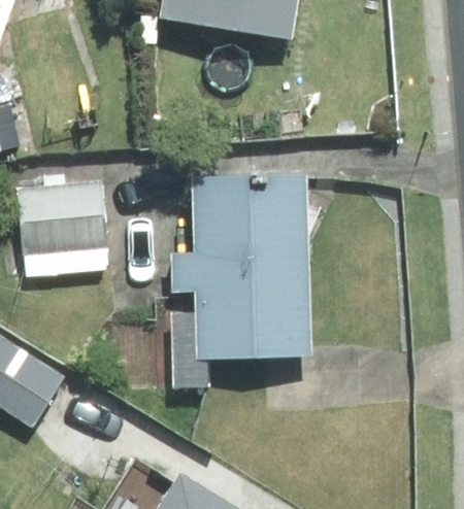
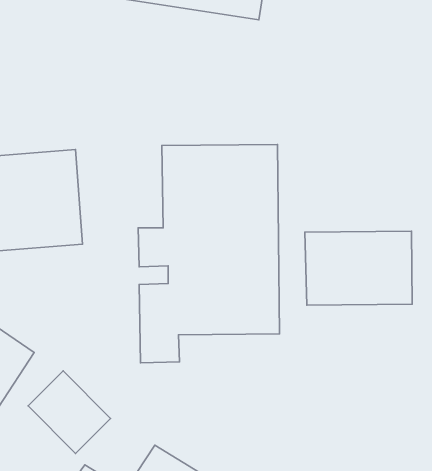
building: none -> [305,231,412,305]

